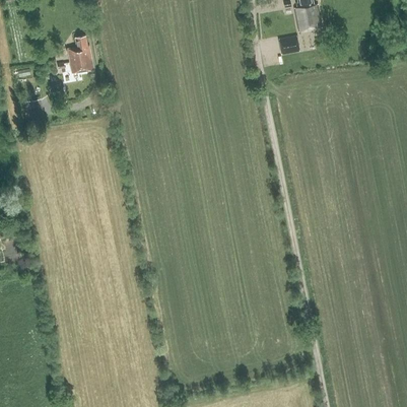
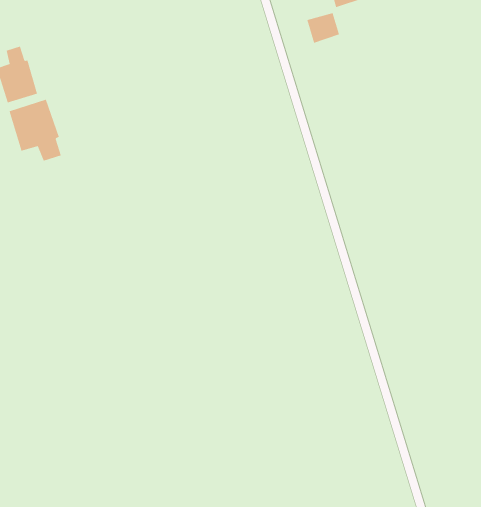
building: none -> [9,99,61,161]

